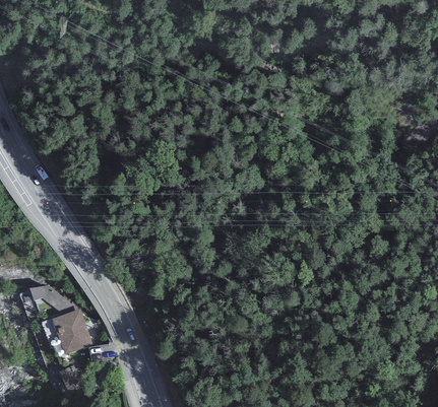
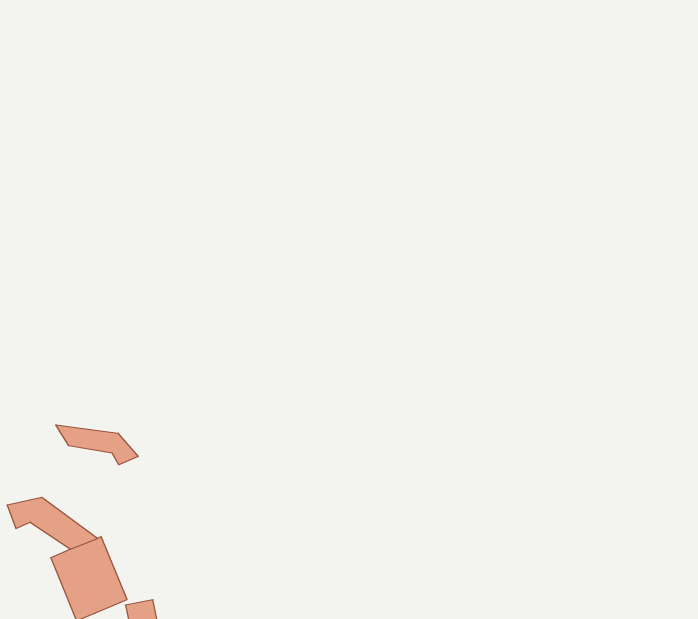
building: none -> [56,425,138,465]

